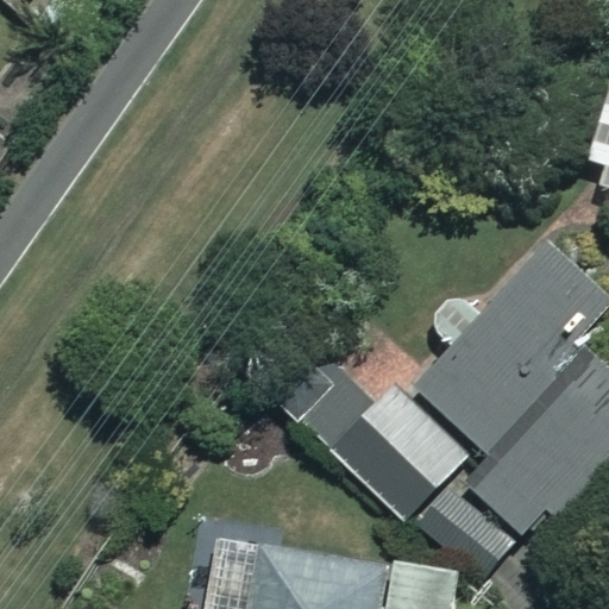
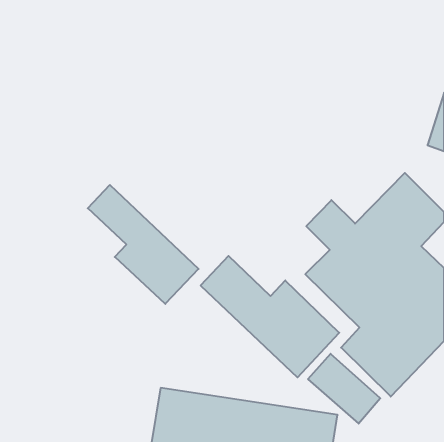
building: none -> [88,185,199,304]

